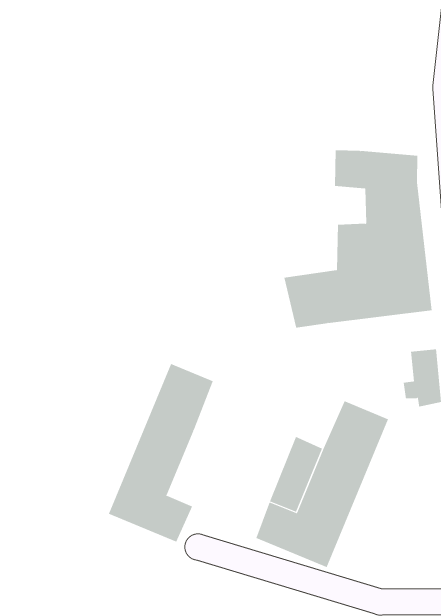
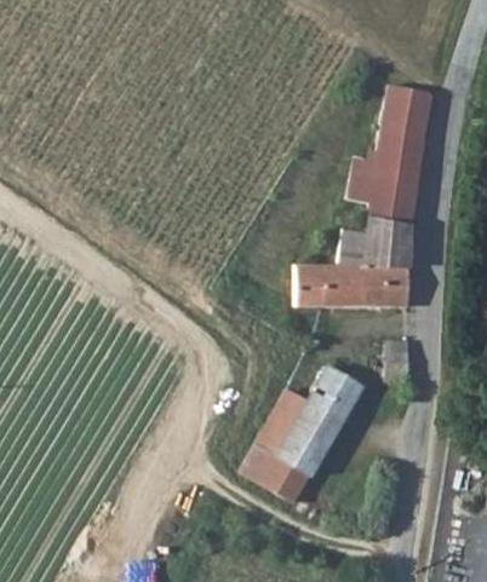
building: none -> [372,86,434,180]
building: [108,363,214,543] -> none

